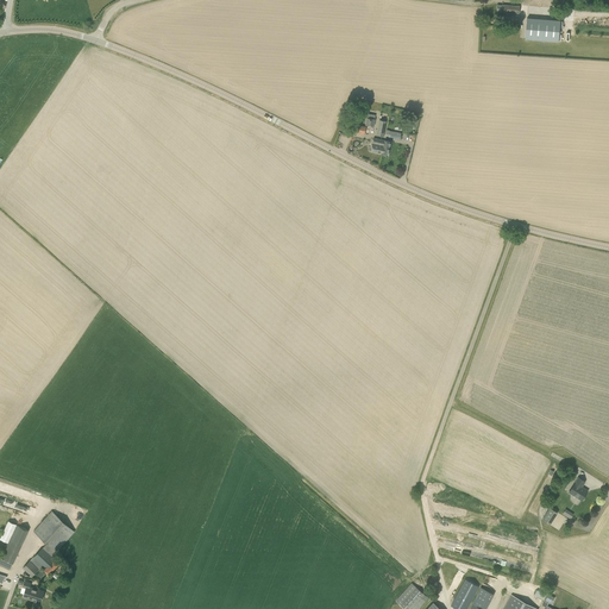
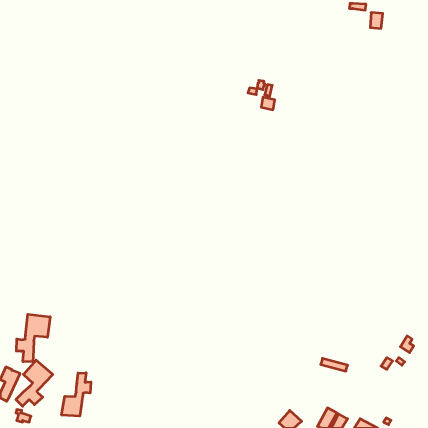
building: none -> [16,314,50,362]
building: none -> [62,373,91,416]

